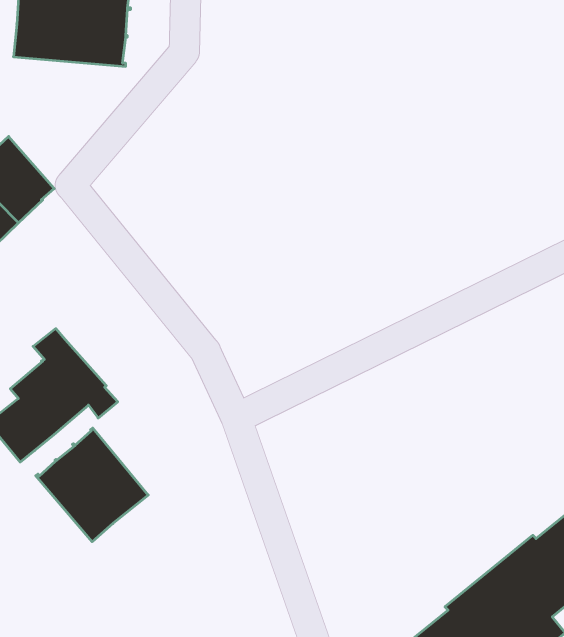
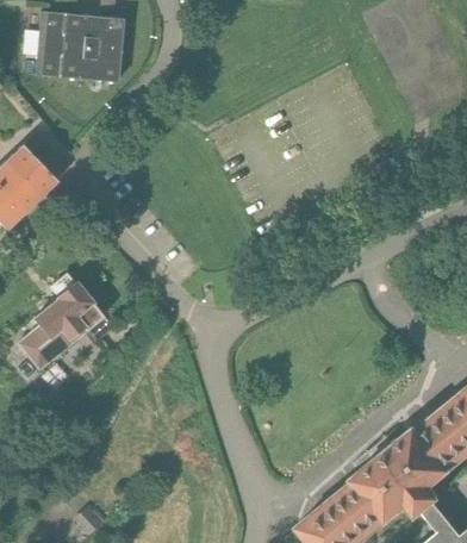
building: [36,428,148,542] -> none

